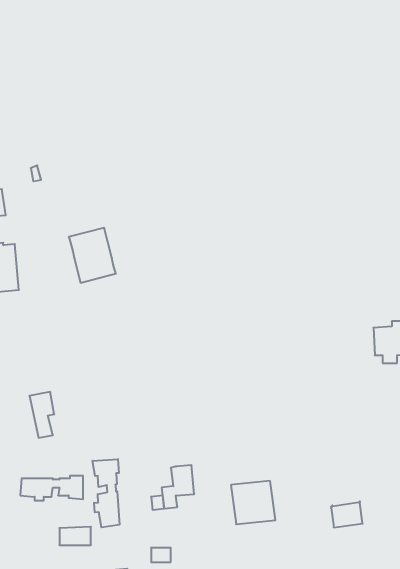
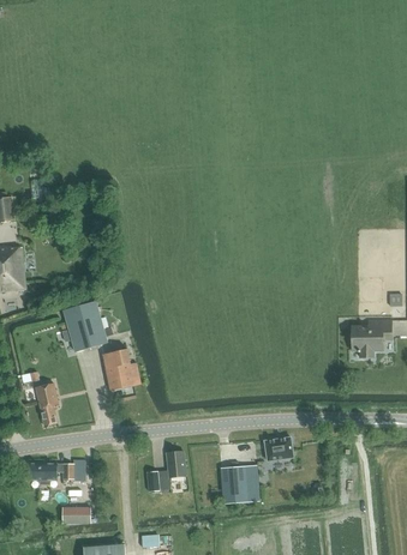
building: [69,228,116,283] -> [64,302,107,352]
building: none -> [102,349,140,390]
building: [93,459,119,527] -> none
building: [331,501,363,527] -> [264,436,293,460]

